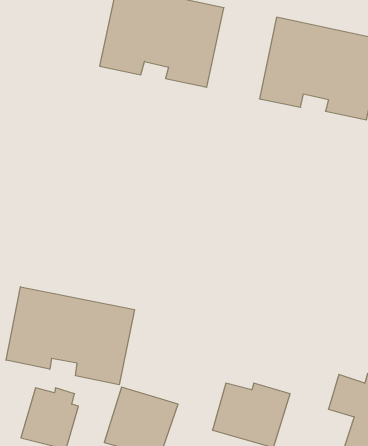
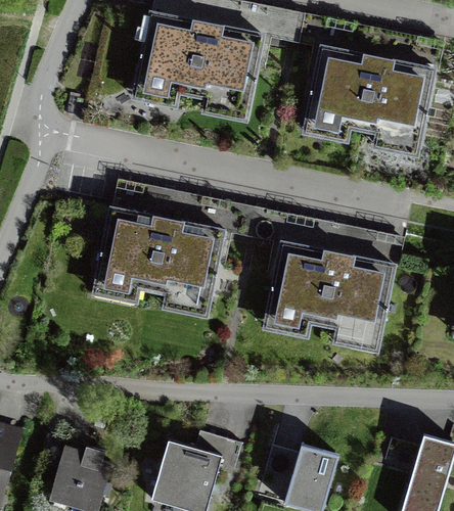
building: none -> [95,206,227,316]
building: none -> [267,241,398,350]
building: [6,287,134,385] -> none

